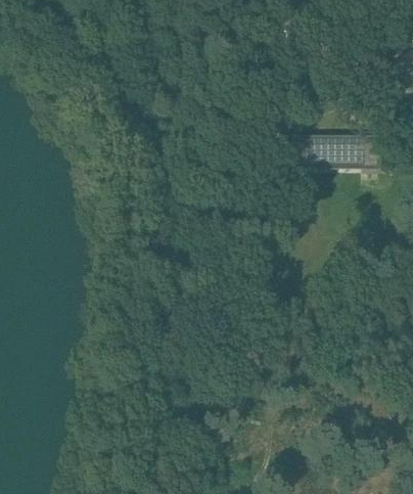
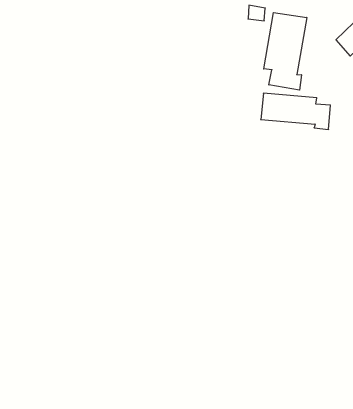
building: none -> [264,13,307,90]

